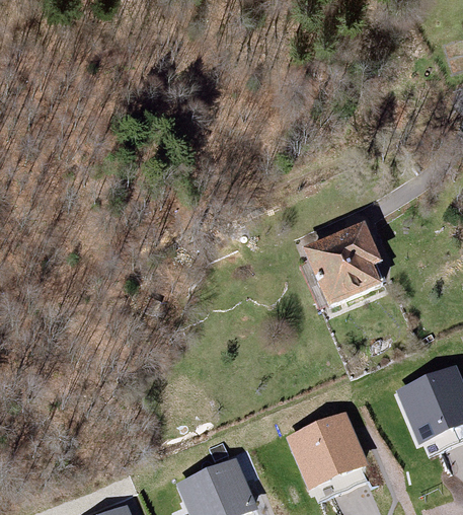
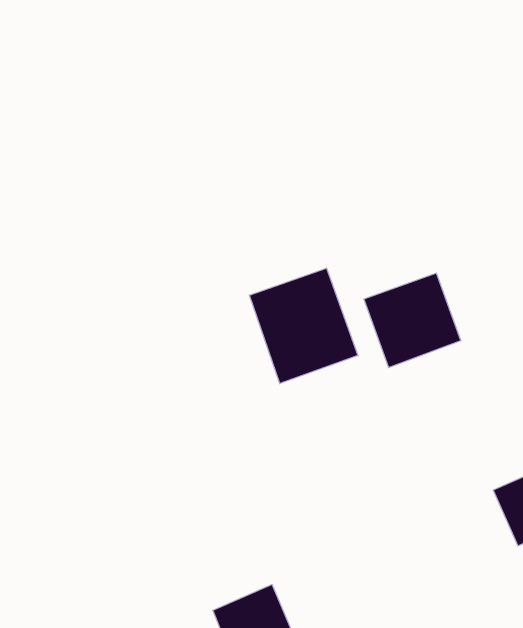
building: none -> [249,268,358,384]
building: [292,422,368,494] -> none

